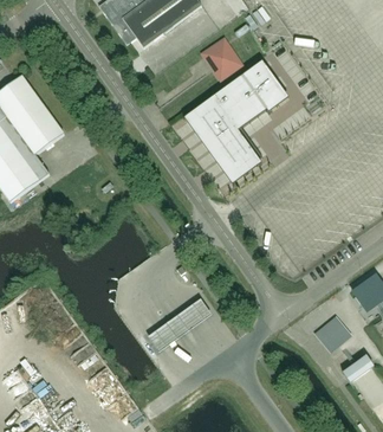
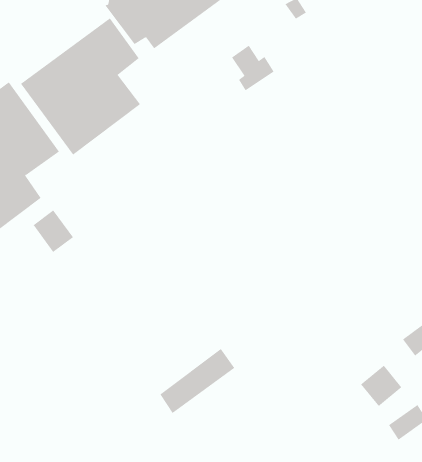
building: none -> [20,18,141,155]
building: [183,60,284,179] -> none
building: none -> [33,210,74,253]

